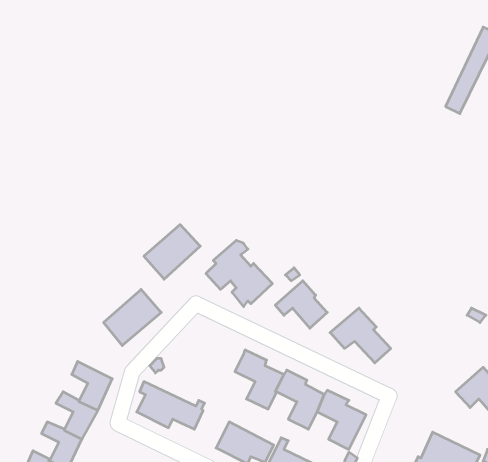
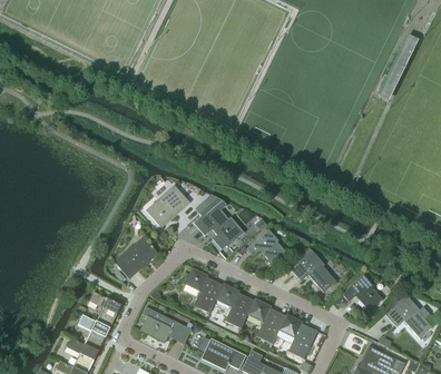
building: none -> [185,267,223,313]
building: none -> [342,276,383,312]

